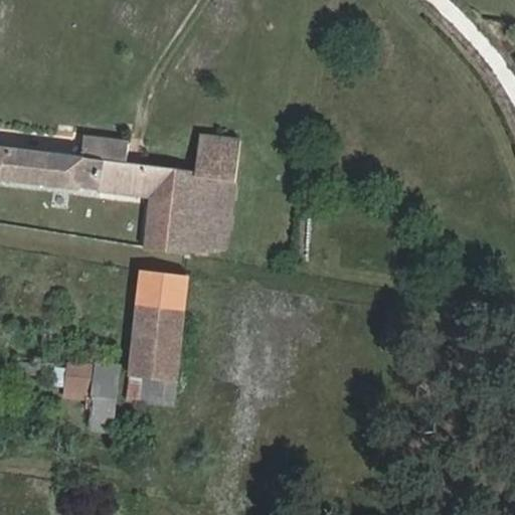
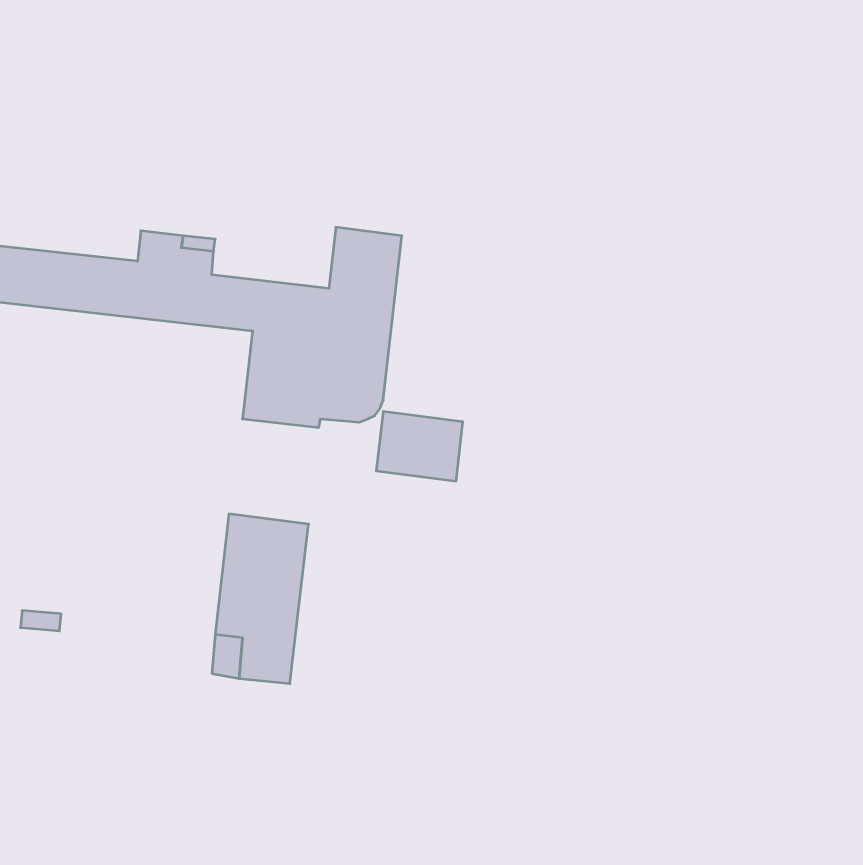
building: [136,270,187,311] -> [376,412,463,481]
building: [64,362,117,430] -> none

